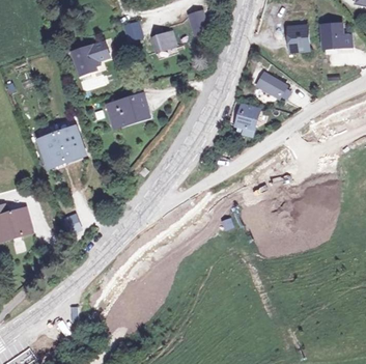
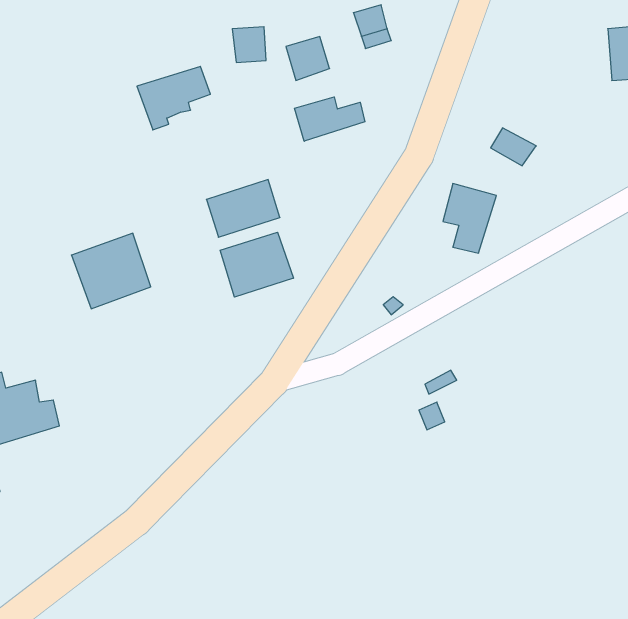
building: [289,26,310,52] -> none
building: none -> [295,97,365,141]
building: none -> [220,232,293,297]

